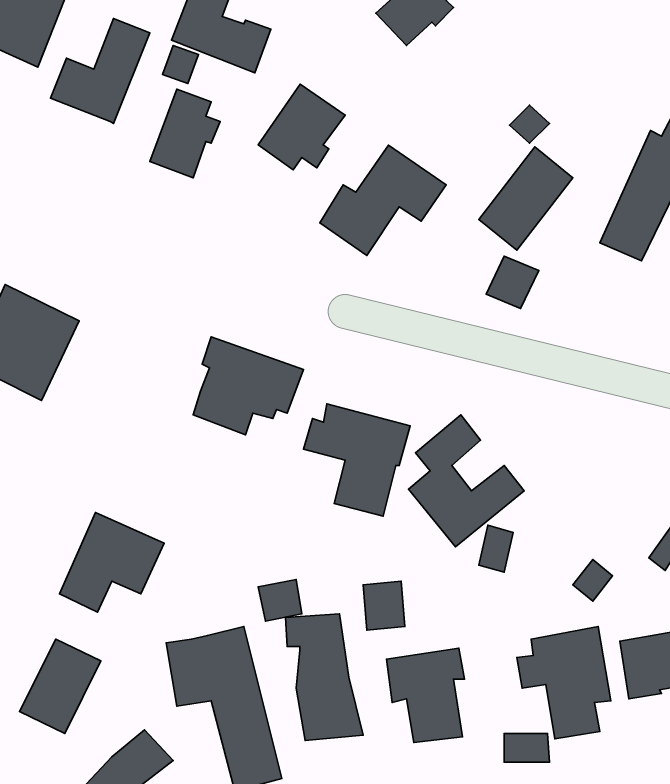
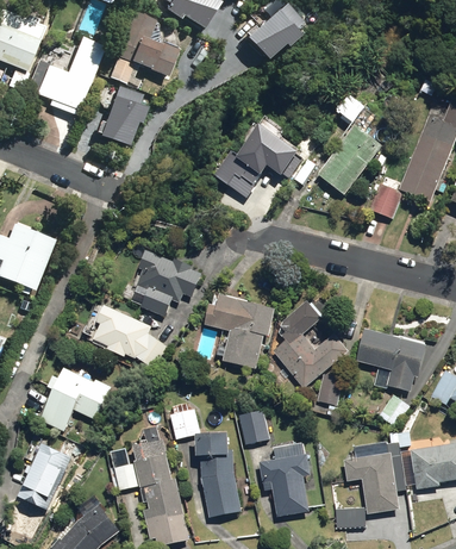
building: [258,84,345,170] -> none
building: [486,256,539,309] -> [368,183,402,218]
building: none -> [94,302,168,366]
building: none -> [358,336,420,391]

